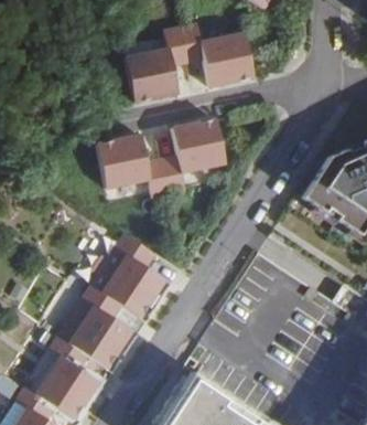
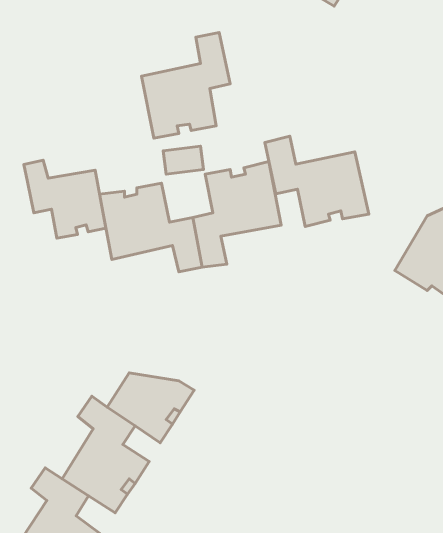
building: [181,22,255,86] -> [265,136,369,226]
building: none -> [24,160,106,238]
building: [114,233,155,274] -> none

